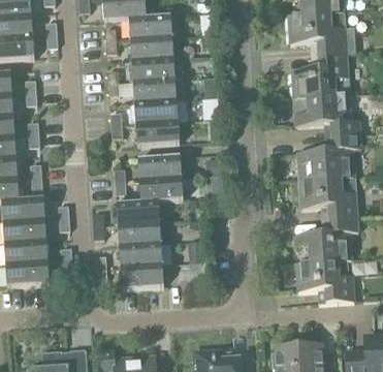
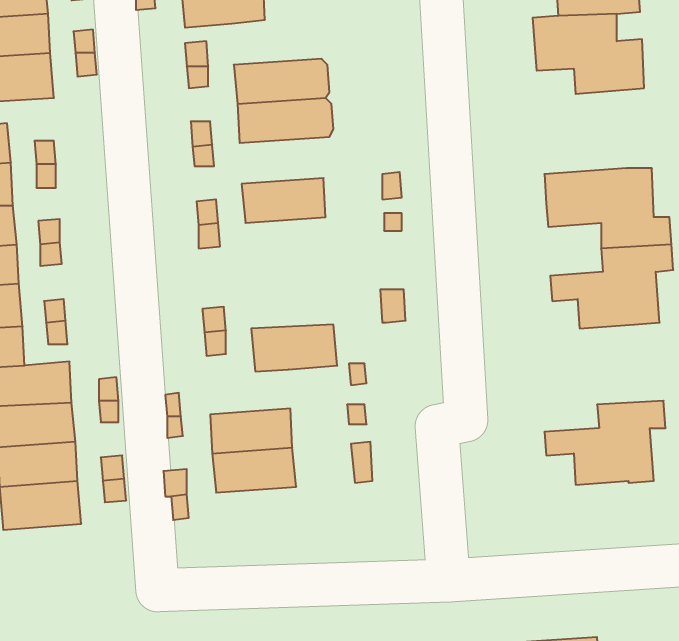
building: [128,16,179,40] -> none
building: [291,53,348,98] -> none
building: [132,79,183,103] -> none
building: [135,121,180,146] -> none
building: [137,155,182,180] -> none
building: [298,178,356,220] -> none
building: [115,202,159,225] -> none
building: [296,260,353,304] -> none
building: [120,264,163,288] -> none

